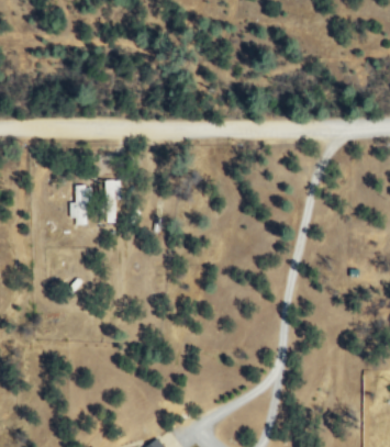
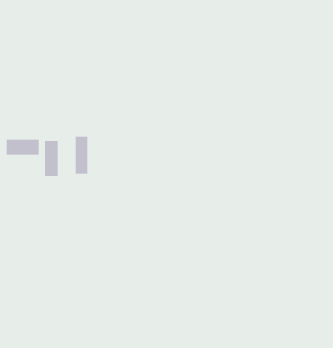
building: none -> [6,139,39,156]

